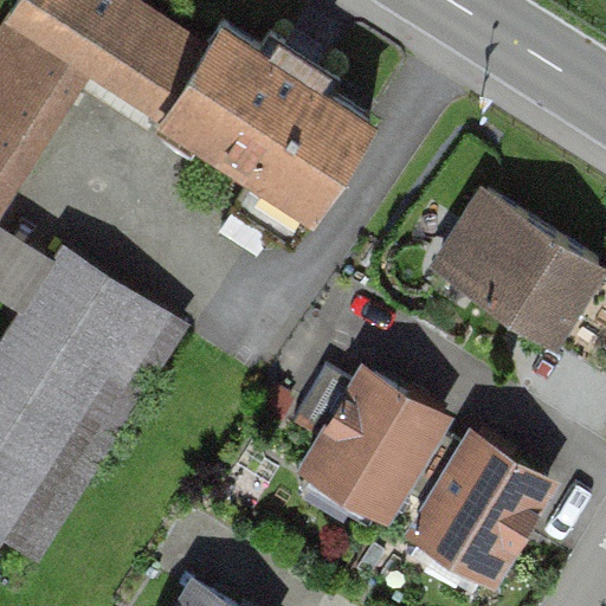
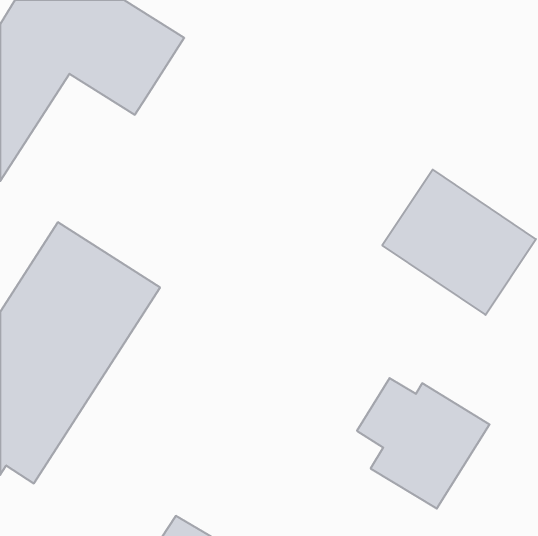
building: [165,21,373,254] -> none
building: [297,366,444,510] -> none

